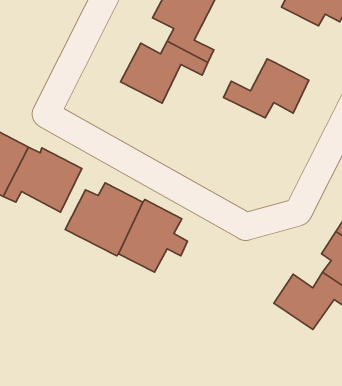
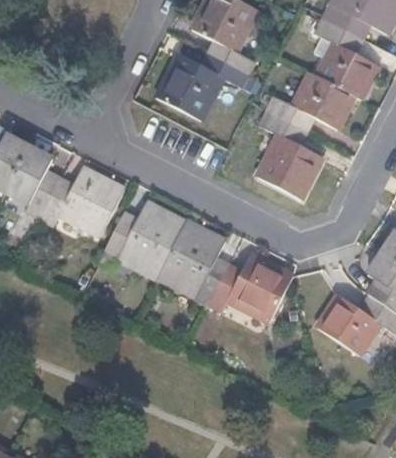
building: none -> [314,19,379,100]
building: none -> [259,114,322,200]
building: none -> [208,252,291,320]

